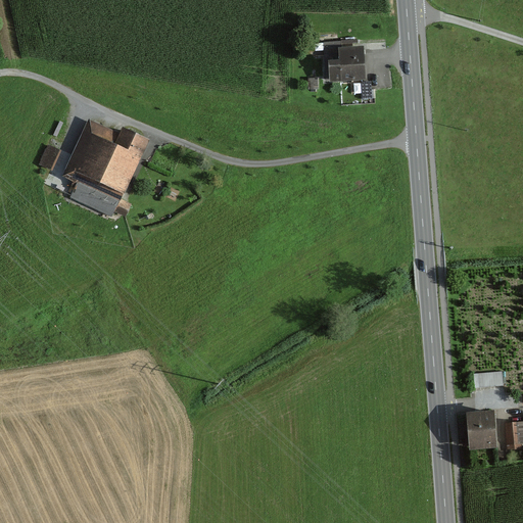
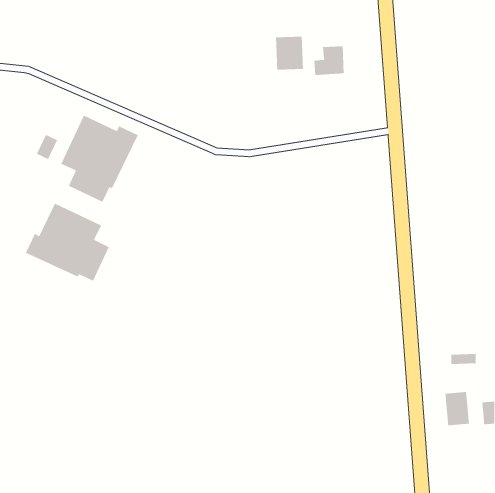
building: none -> [275,36,304,71]
building: none -> [25,202,110,282]

